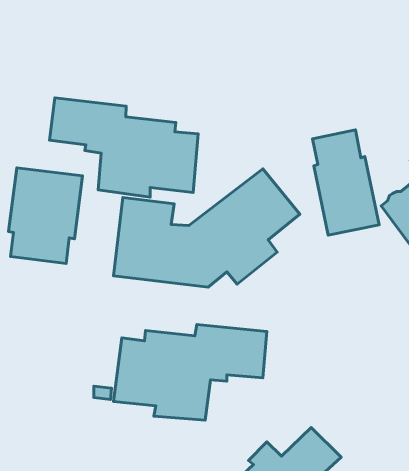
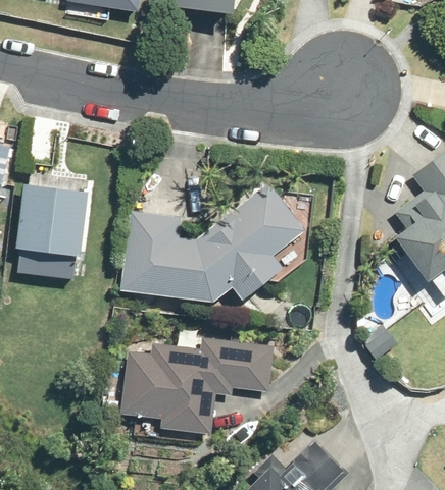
building: [49,98,198,197] -> none
building: [312,130,379,235] -> none

